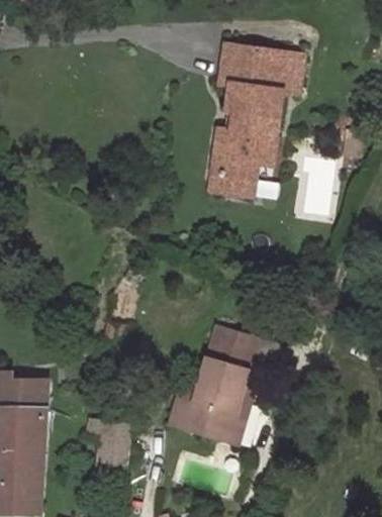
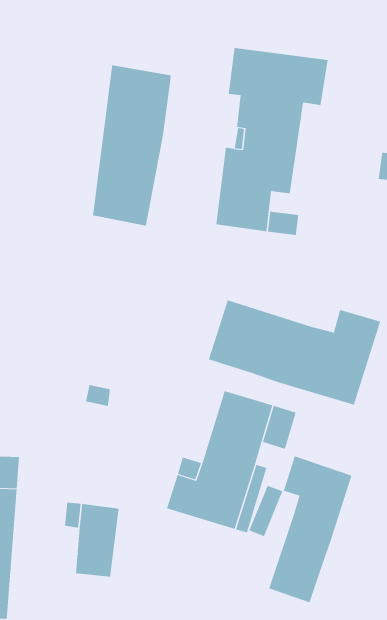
building: none -> [93,65,171,226]
building: none -> [208,300,381,405]
building: none -> [269,456,352,603]

